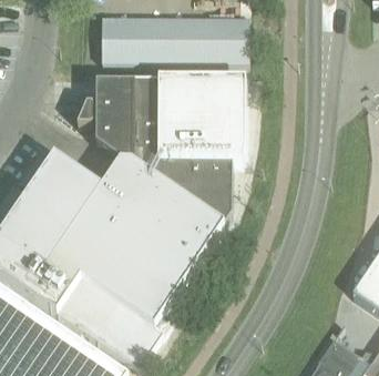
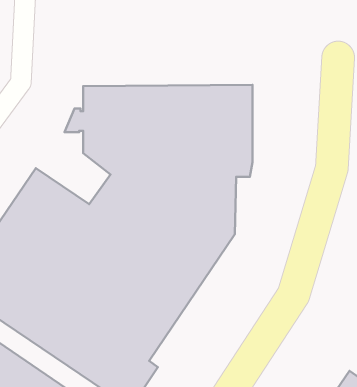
building: [102,16,249,62] -> none

